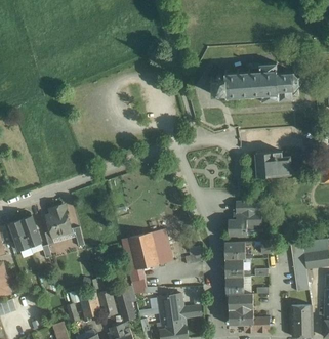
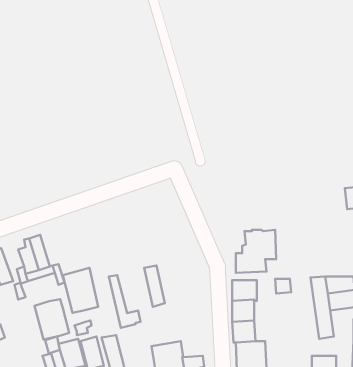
building: [210,62,300,102] -> none
building: [255,151,291,176] -> none
building: [128,231,158,269] -> [63,268,98,313]
building: none -> [34,299,69,340]

